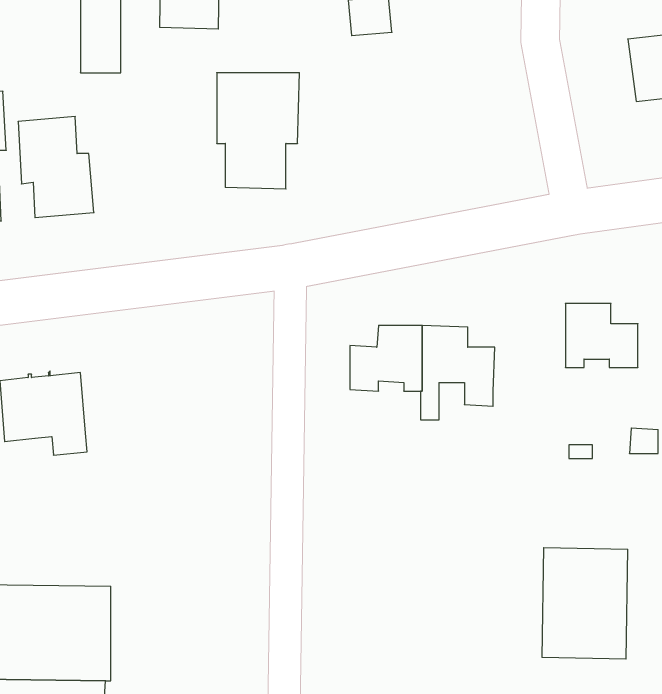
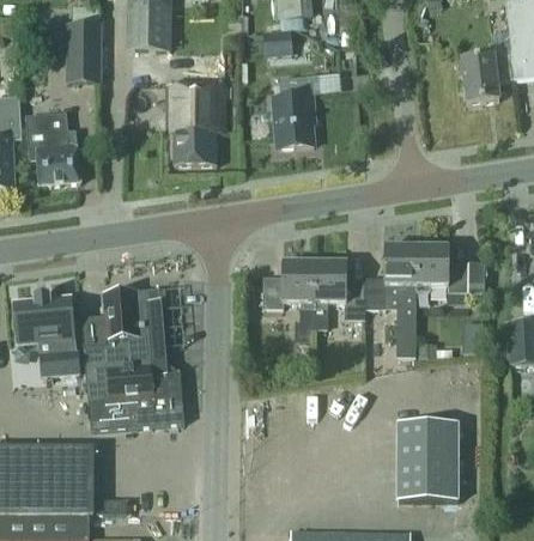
building: none -> [272,75,314,147]
building: none -> [364,244,415,354]
building: none -> [80,288,184,430]
building: none -> [40,351,79,376]

